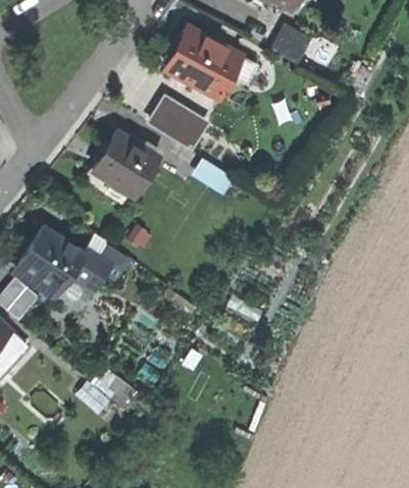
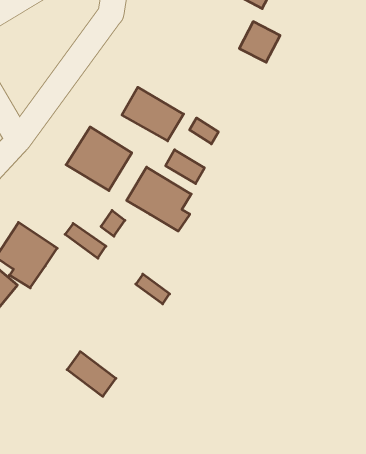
building: [164,30,241,100] -> none
building: none -> [127,167,191,231]
building: [70,251,110,292] -> none

